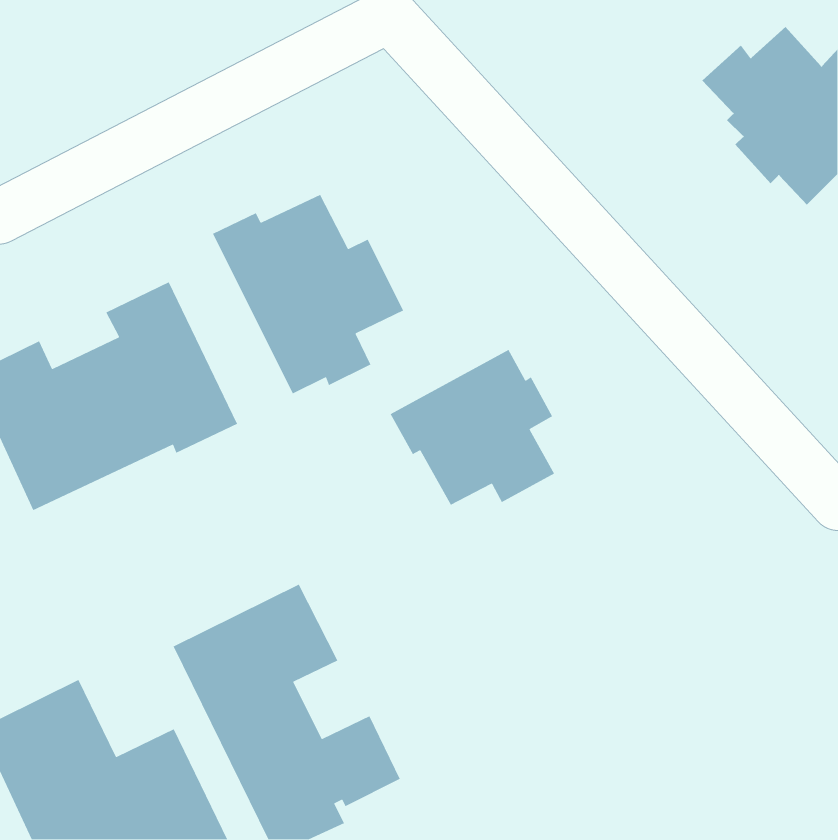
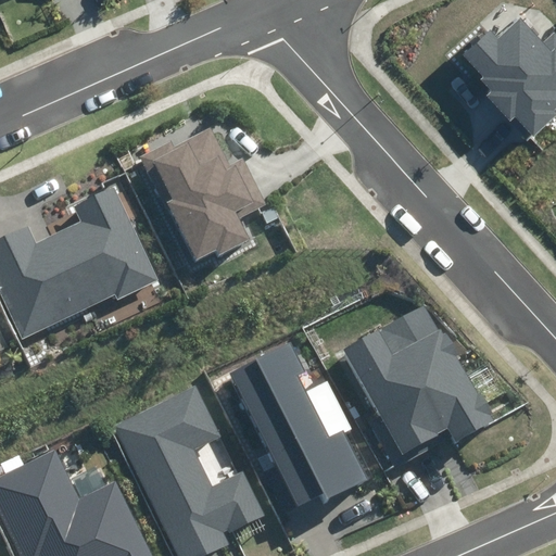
building: [389,349,555,506] -> none
building: none -> [343,305,493,469]
building: none -> [230,344,367,507]

